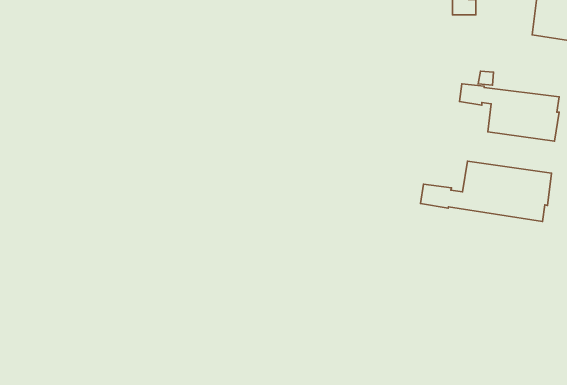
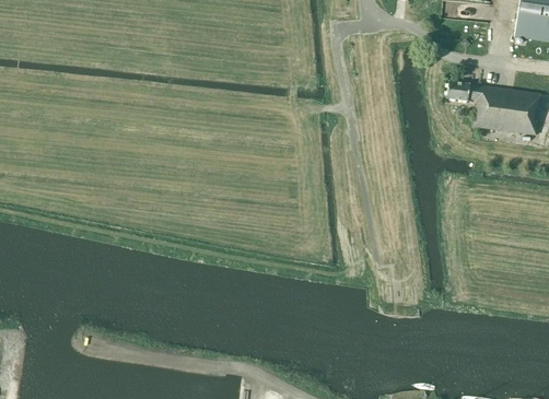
building: [421,161,551,221] -> none

